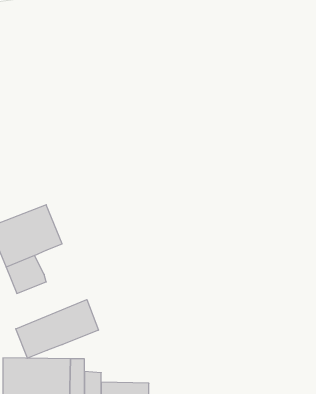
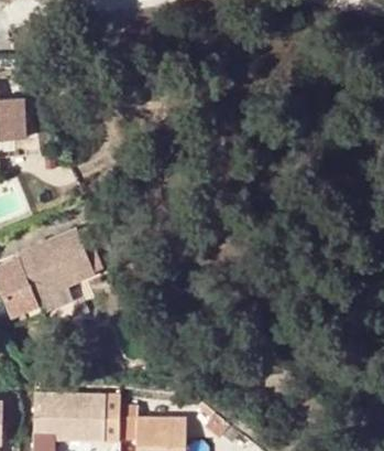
building: [16,300,98,358] -> none

